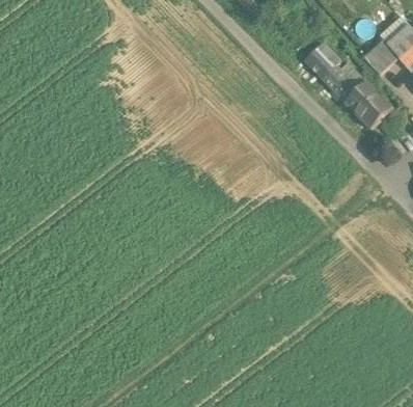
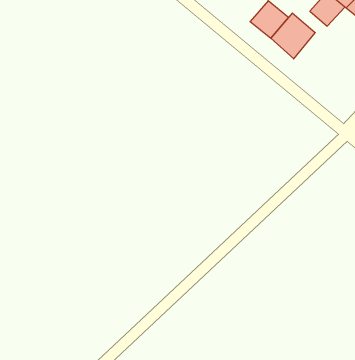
building: [343,78,394,129] -> none

